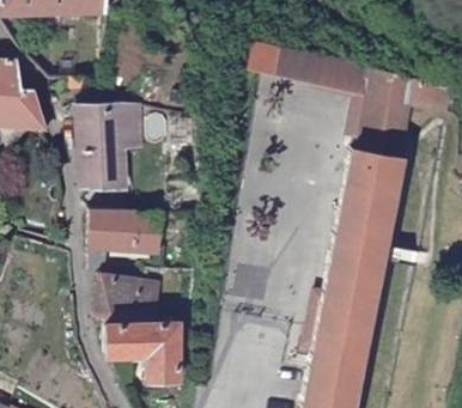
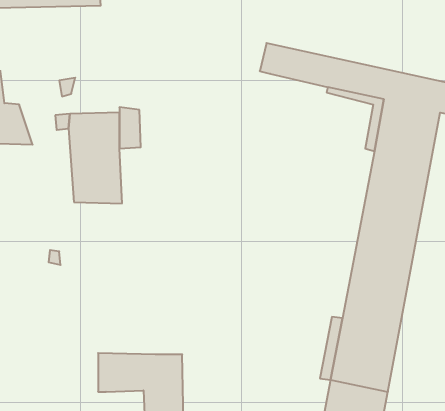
building: [92,207,164,254] -> none
building: [93,276,162,322] -> none

